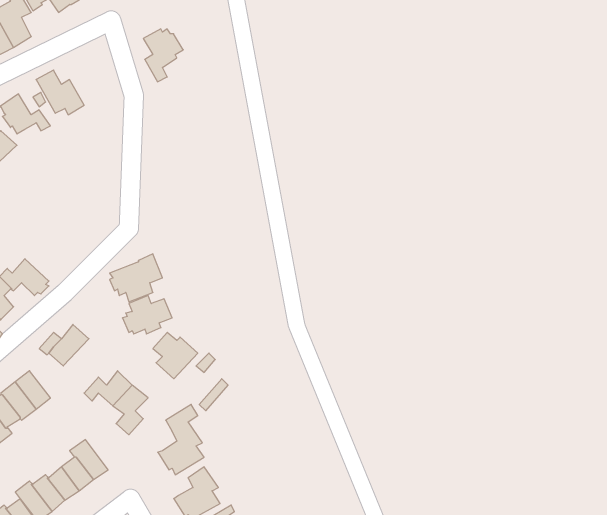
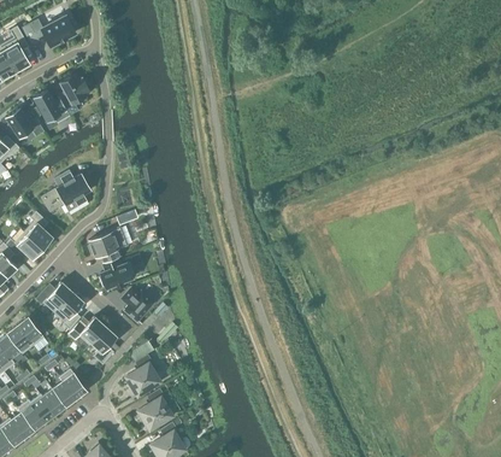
building: [143,29,183,82] -> [60,75,90,115]
building: none -> [42,170,92,211]
building: none -> [25,211,53,248]
building: none -> [54,292,84,329]

